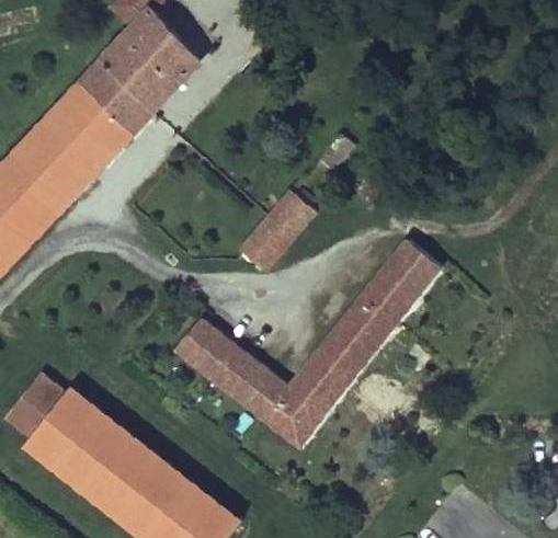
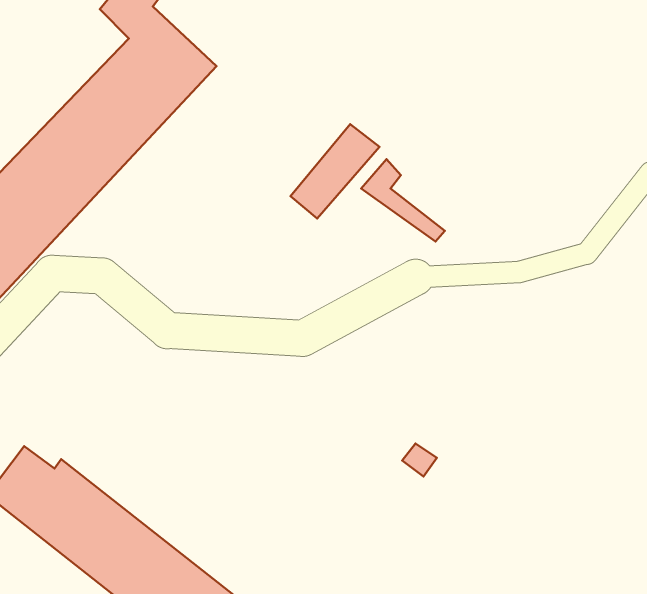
building: [241,192,315,270] -> [291,124,380,219]
building: [175,240,441,439] -> none

